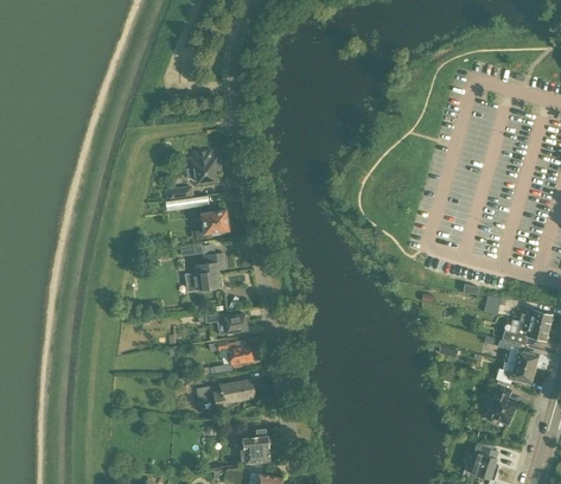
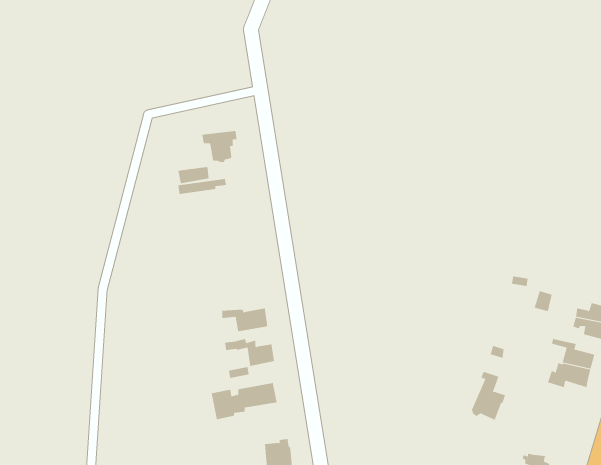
building: [196,210,229,241] -> none
building: [185,253,225,292] -> none
building: [486,381,517,425] -> [471,371,506,421]

